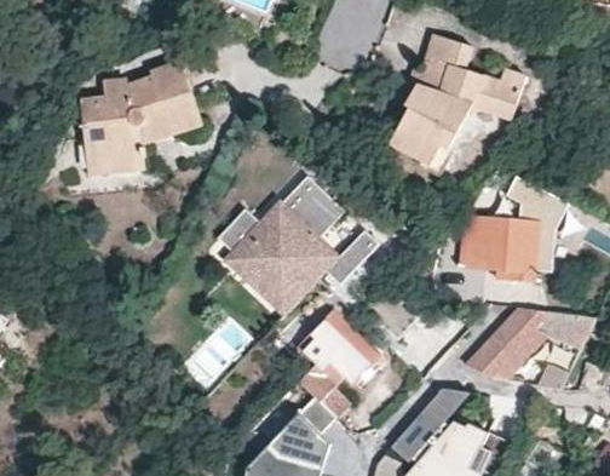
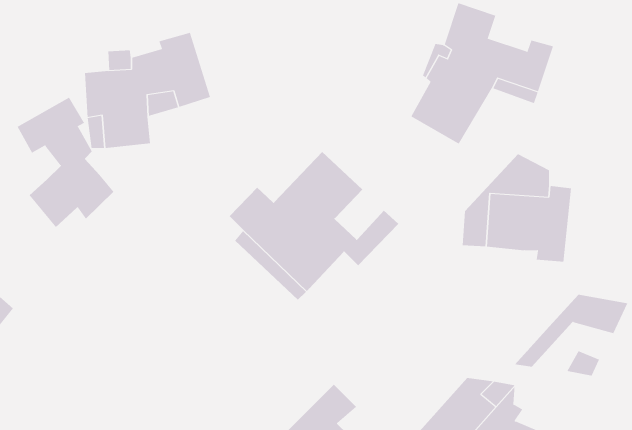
building: none -> [17,97,114,228]
building: [466,308,548,378] -> none
building: [299,314,379,418] -> none

